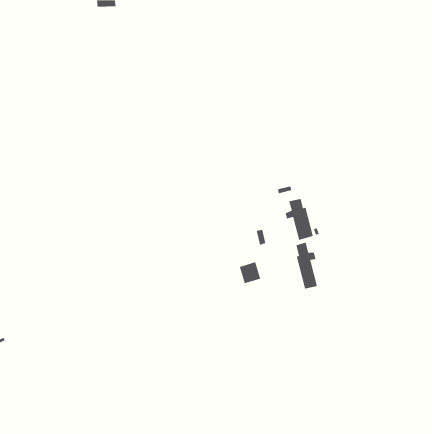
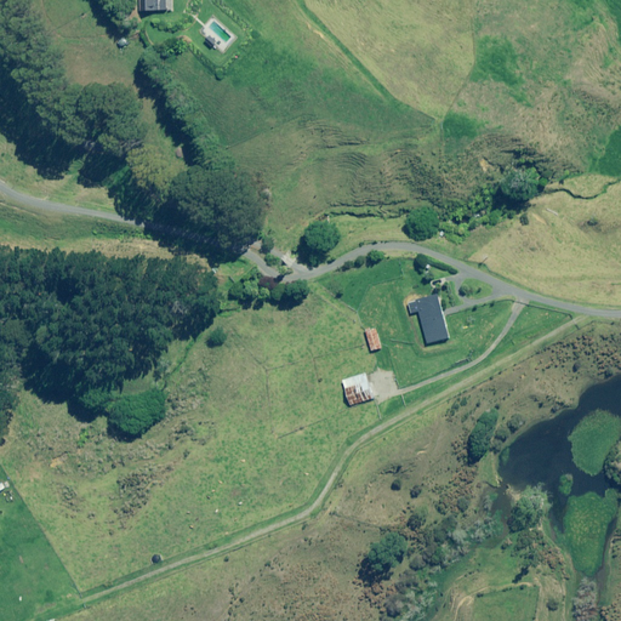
building: [296,241,318,290] -> none

